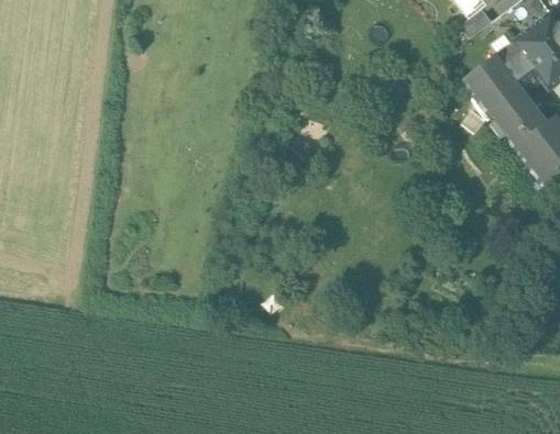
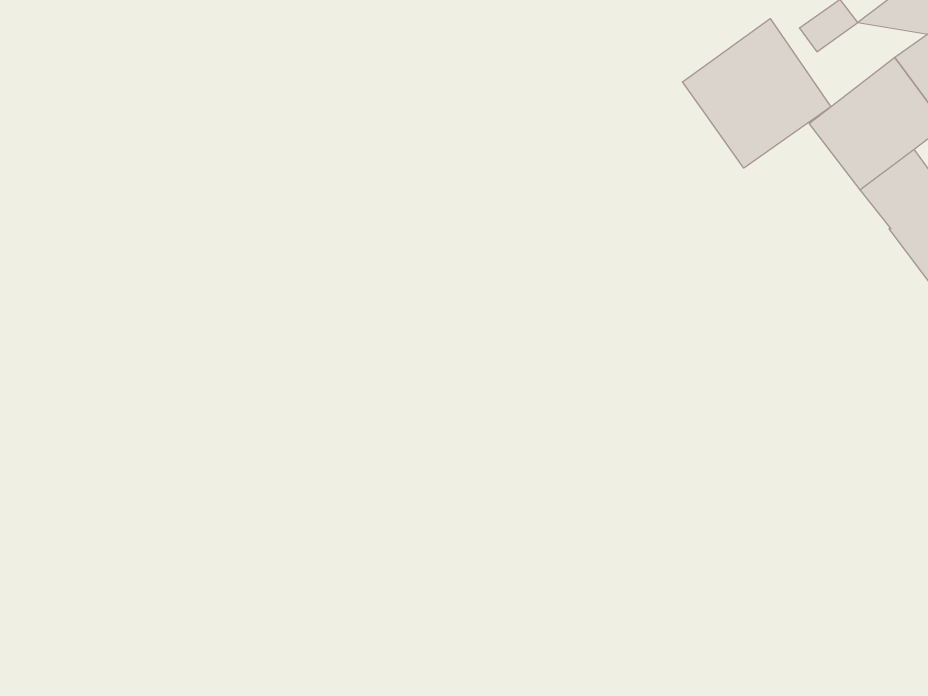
building: none -> [682,19,831,168]

